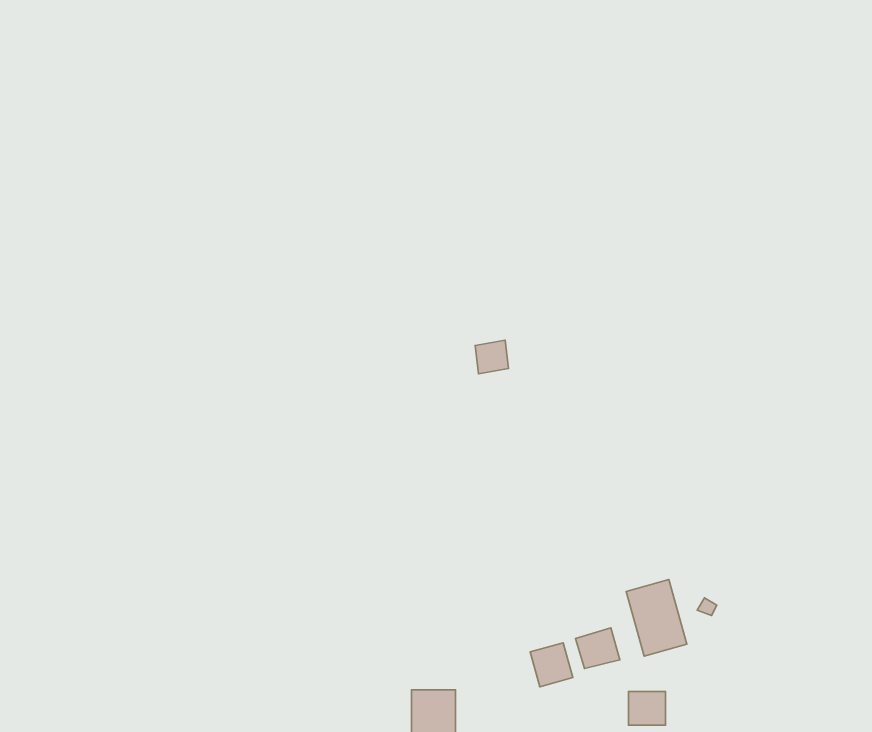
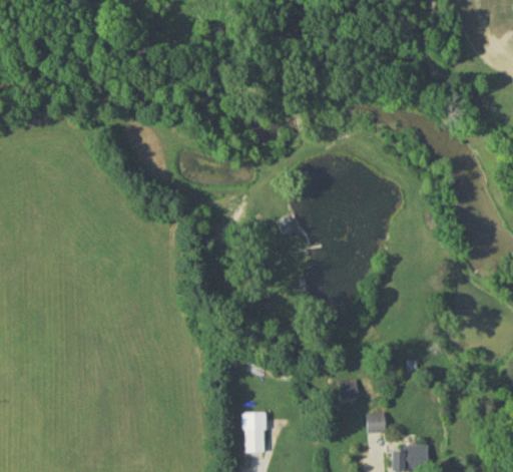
building: [626,580,687,656] -> none
building: [530,643,573,687] -> none

